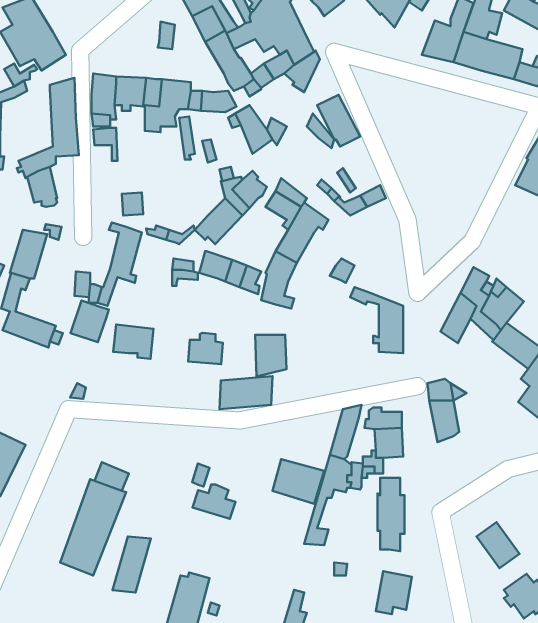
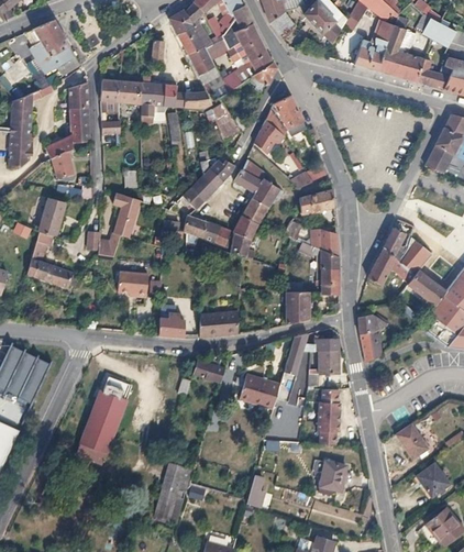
building: none -> [253,120,284,154]
building: none -> [298,189,333,216]
building: none -> [312,229,339,257]
building: [70,300,109,342] -> none
building: [188,333,223,364] -> [158,313,185,338]
building: [255,335,287,376] -> [285,292,309,324]
building: [193,484,236,519] -> [191,356,224,383]
building: [112,536,151,593] -> none

